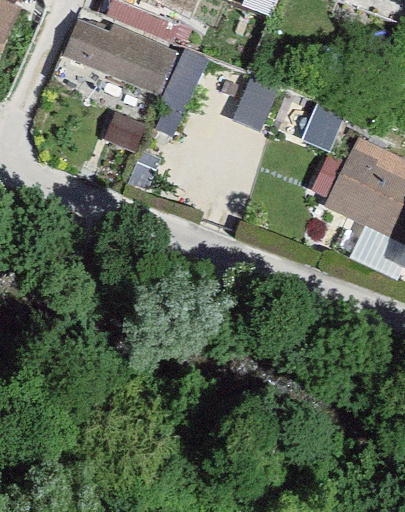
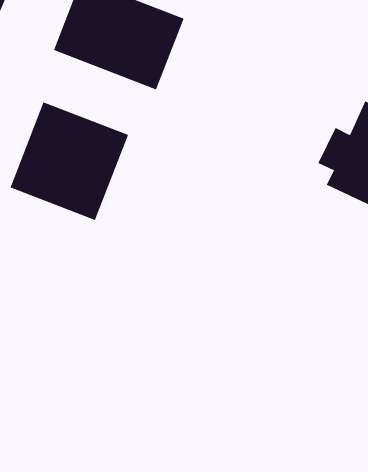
building: none -> [10,101,129,221]

